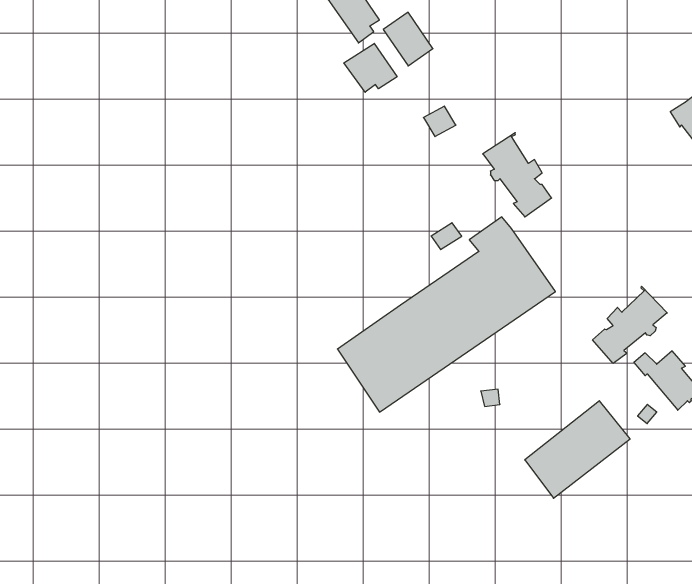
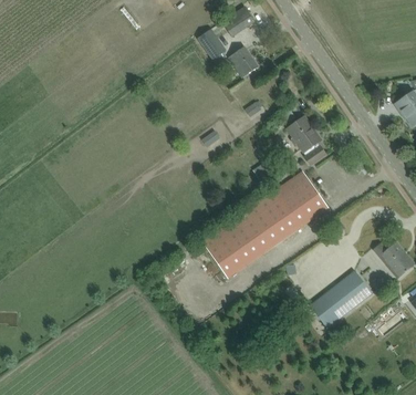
building: [344,43,397,92] -> none
building: [593,286,667,363] -> none

